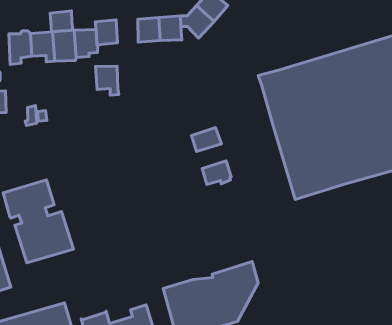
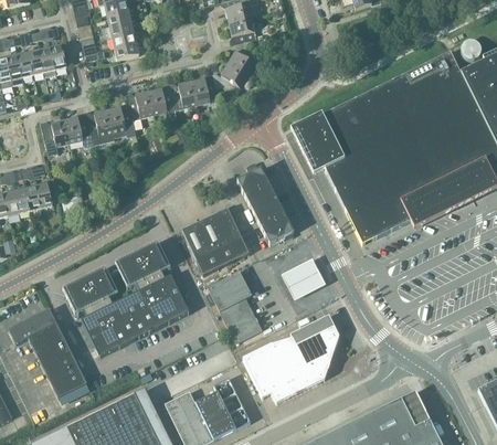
building: [50,11,73,31] -> none
building: [96,66,119,95] -> [148,86,177,117]
building: none -> [236,161,268,195]
building: none -> [182,206,248,273]
building: none -> [253,199,285,227]
building: none -> [115,241,189,332]
building: none -> [208,269,262,341]
building: none -> [282,258,326,299]

